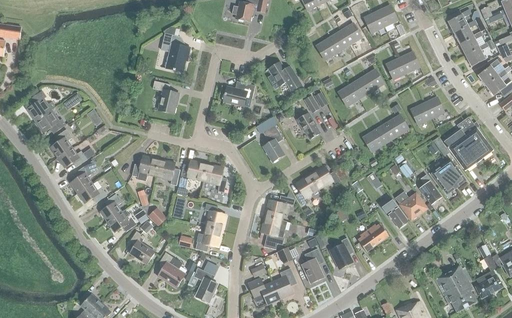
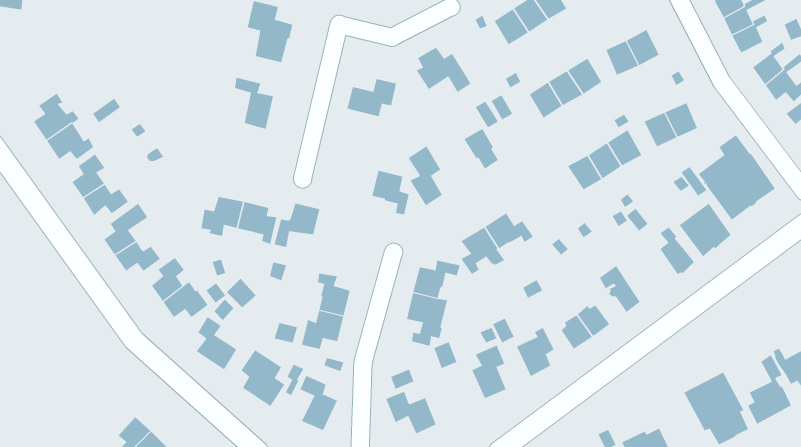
building: [203,163,227,191] -> [371,170,410,215]
building: [395,191,427,219] -> none
building: [273,267,297,298] -> none

